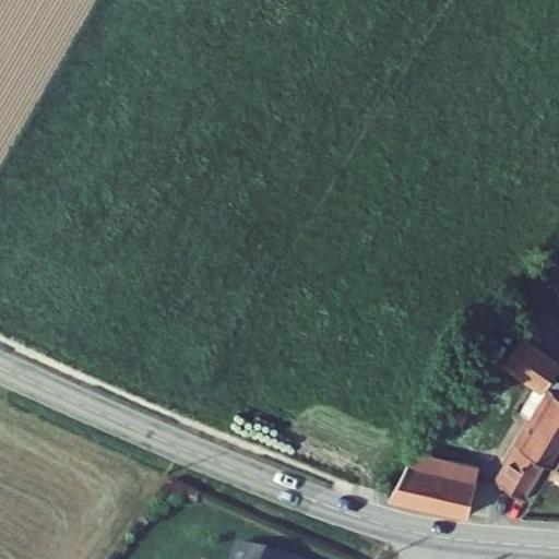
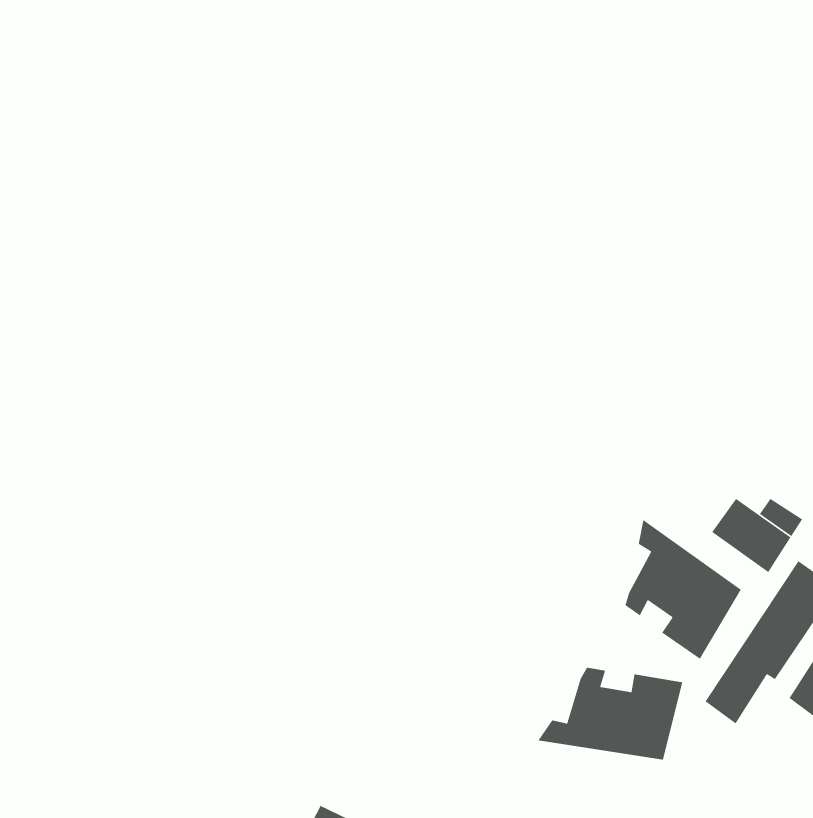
building: none -> [624,519,742,660]

